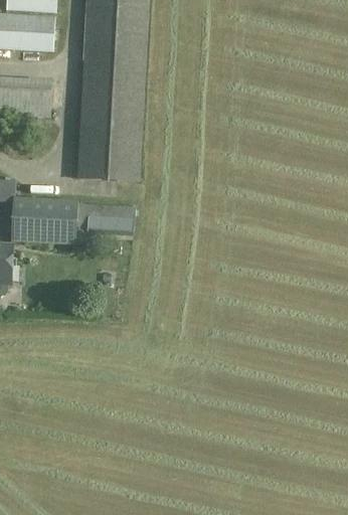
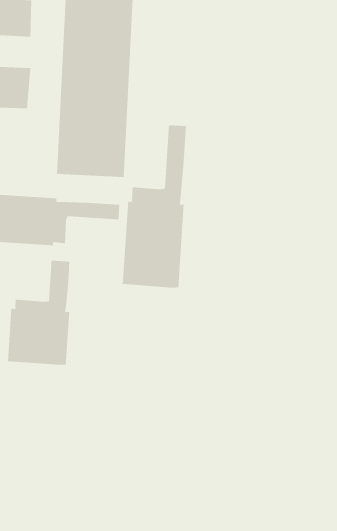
building: none -> [122,125,186,288]
building: none -> [7,260,70,365]

